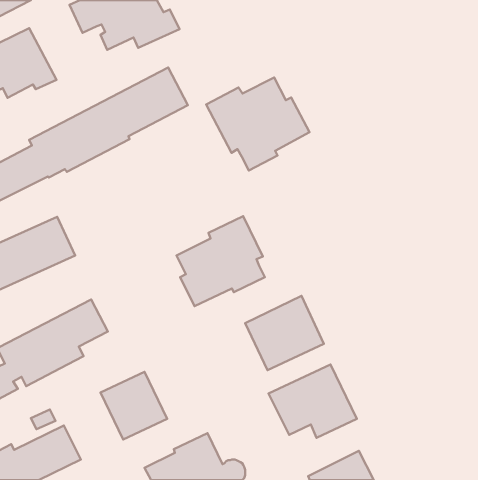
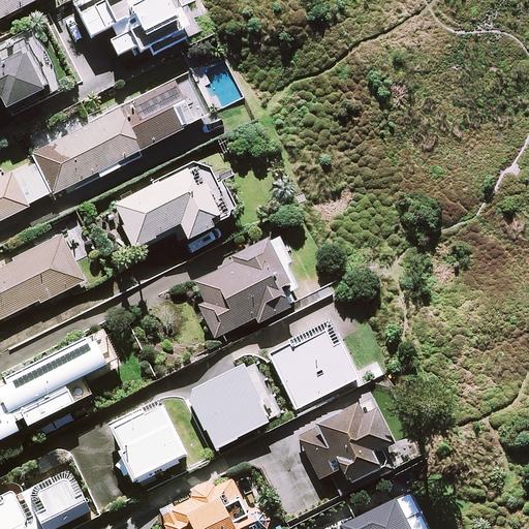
building: [206,77,309,170] -> none
building: none -> [115,163,238,248]
building: none -> [186,364,270,447]

